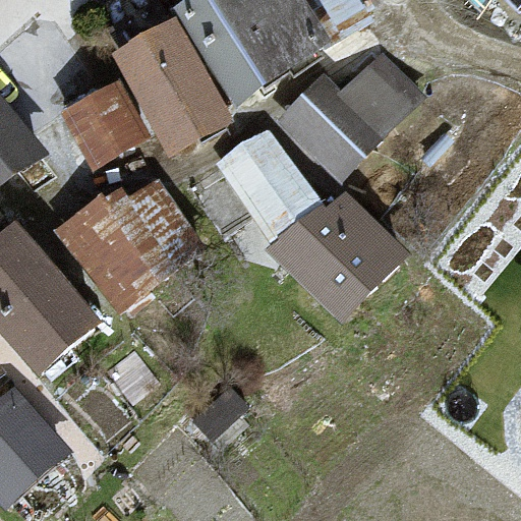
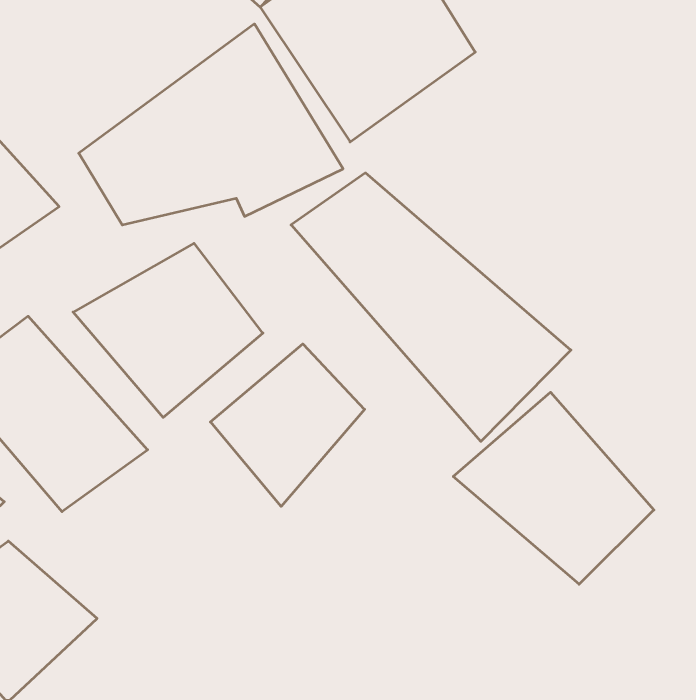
building: [279,46,425,176] -> none
building: none -> [210,344,365,506]
building: none -> [453,392,654,584]

